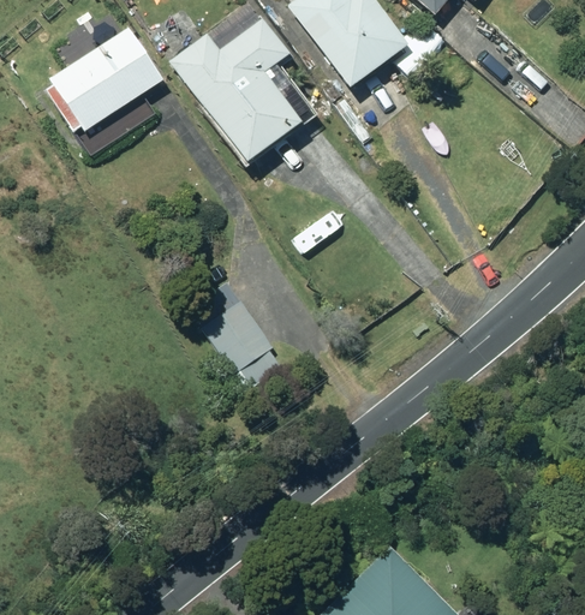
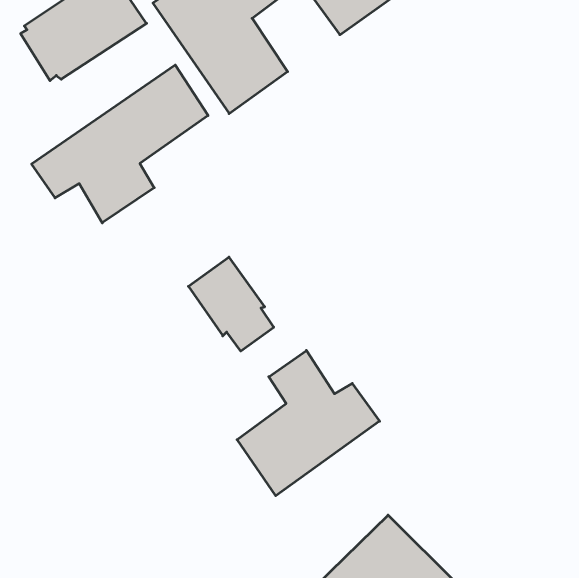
building: none -> [32,65,208,223]
building: none -> [237,350,380,496]

